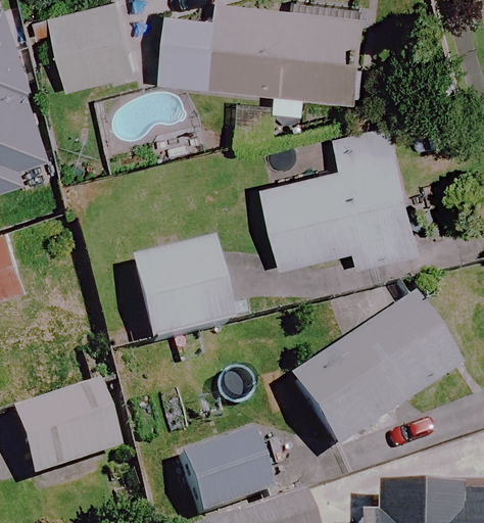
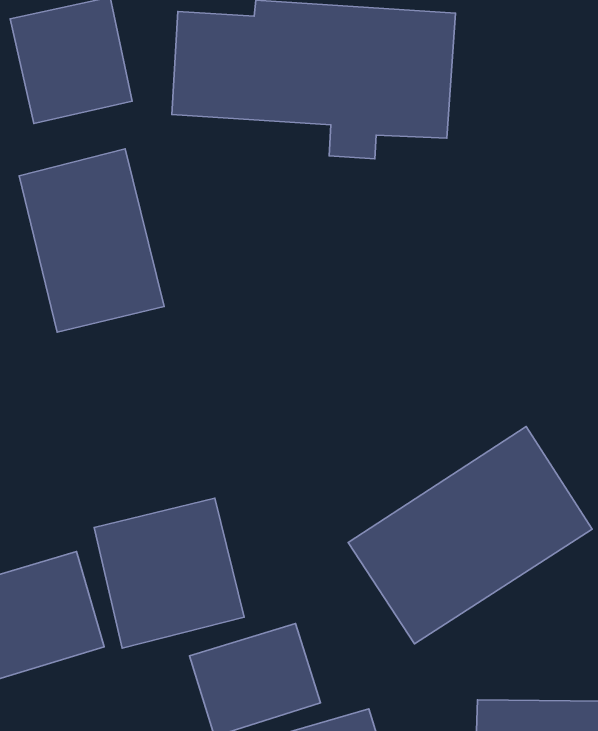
building: none -> [19,149,164,332]
building: [263,123,422,264] -> none
building: [128,239,232,343] -> [94,498,244,648]

